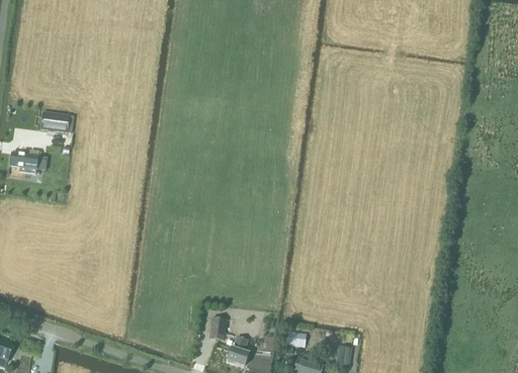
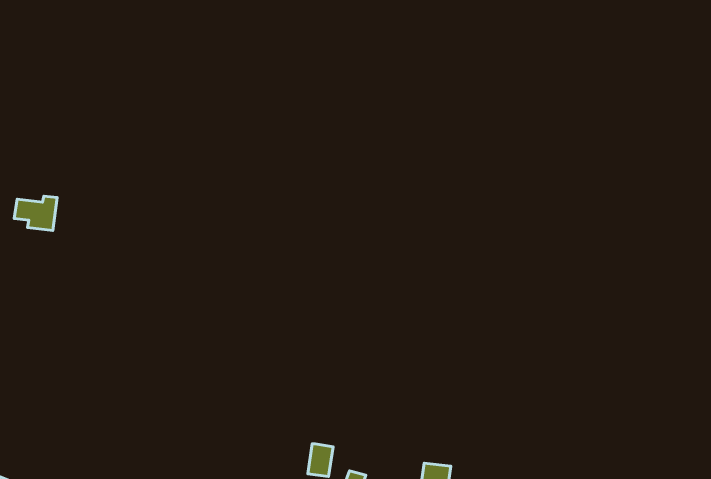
building: [41,111,70,132] -> none

